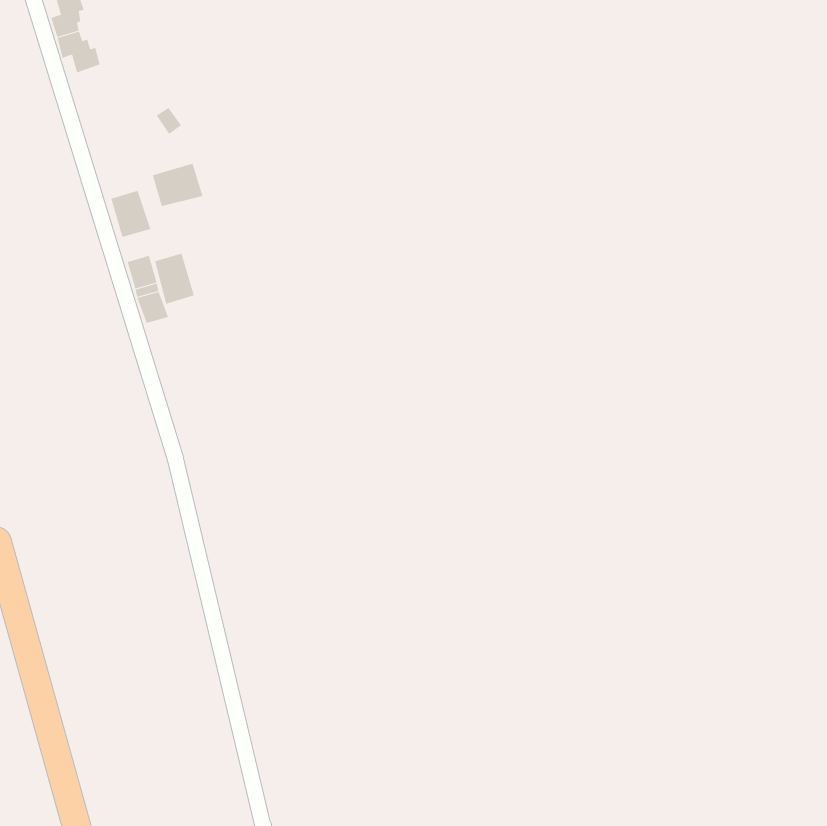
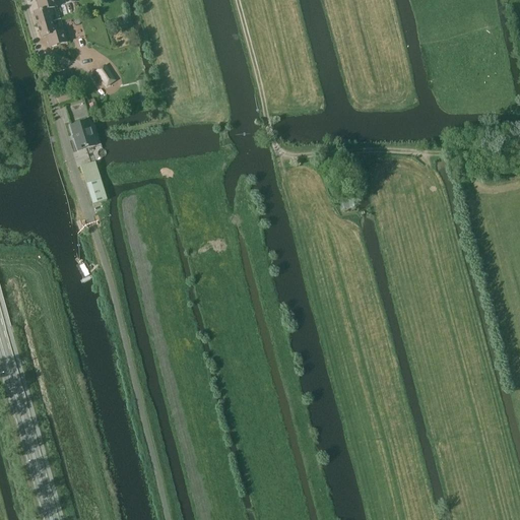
building: [152,163,203,207] -> none
building: [154,253,194,305] -> none

